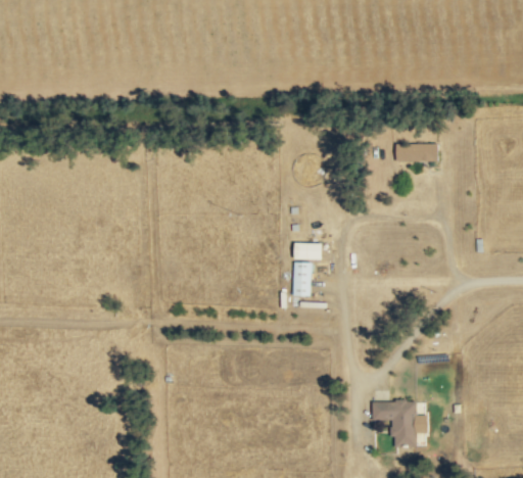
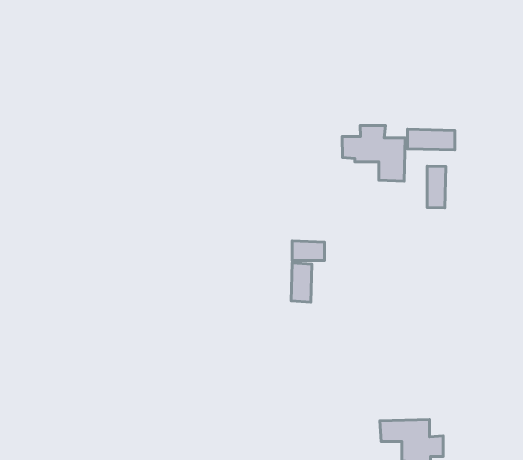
building: none -> [342,125,405,181]
building: none -> [427,166,446,208]

